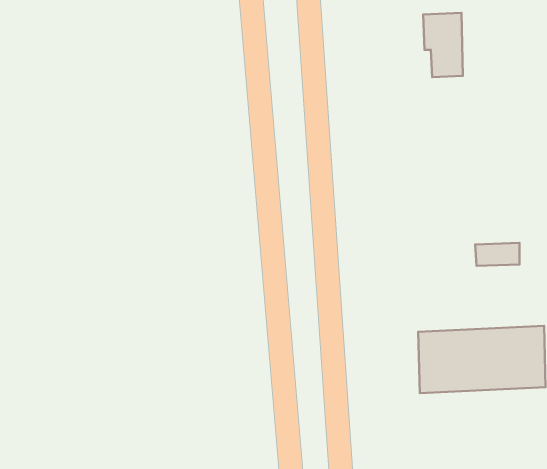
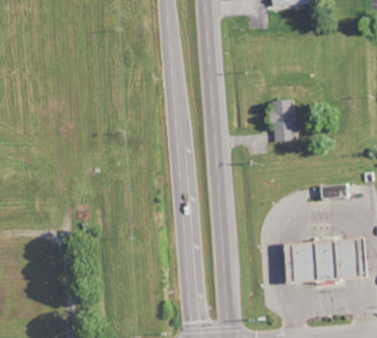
building: [423,13,463,77] -> [270,100,296,142]

